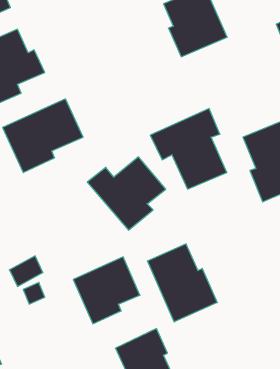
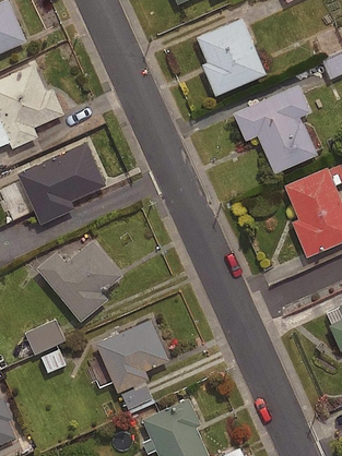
building: [150,109,227,189] -> [233,85,318,175]
building: [87,157,166,230] -> [35,241,122,323]
building: [148,244,217,322] -> none

